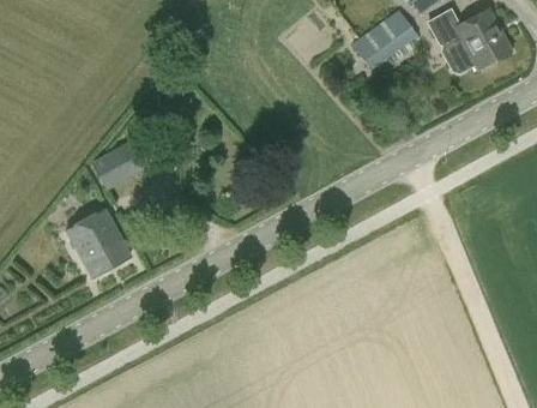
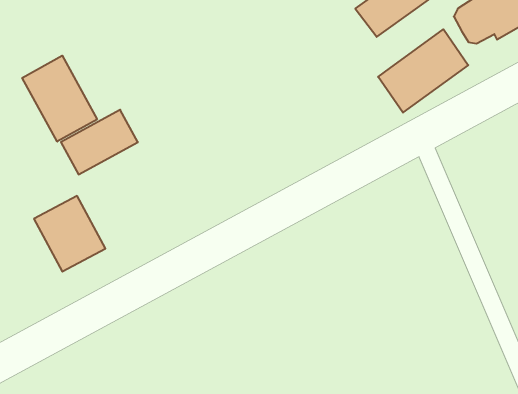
building: none -> [378,29,468,113]
building: none -> [22,56,97,142]

